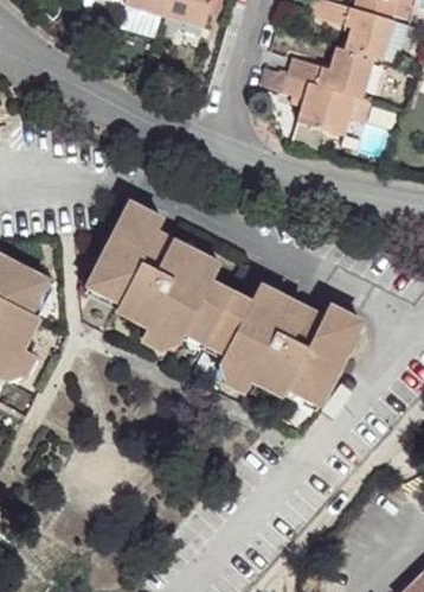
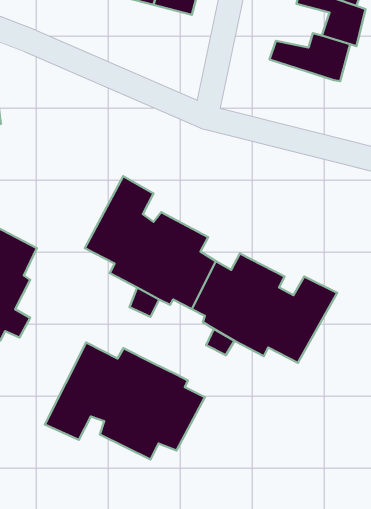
building: [291,75,365,140] -> none
building: none -> [45,342,205,460]

